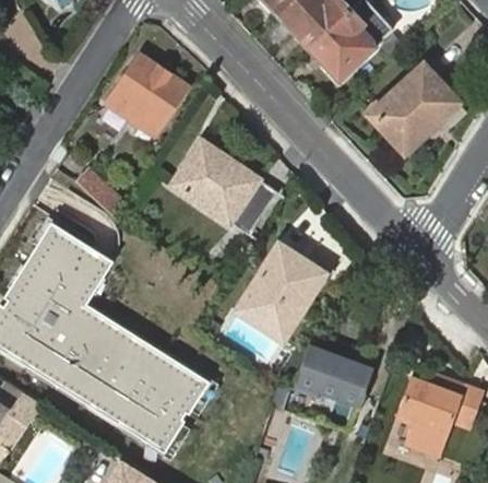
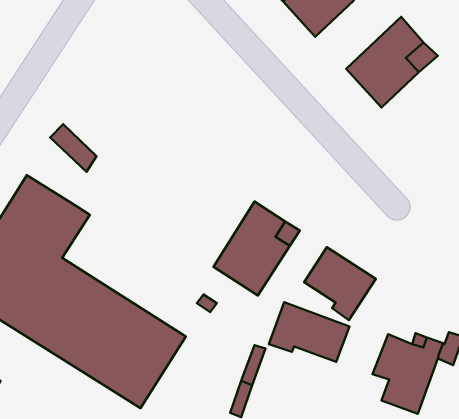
building: [105,55,186,136] -> none
building: [171,142,277,237] -> none
building: none -> [304,247,376,320]

